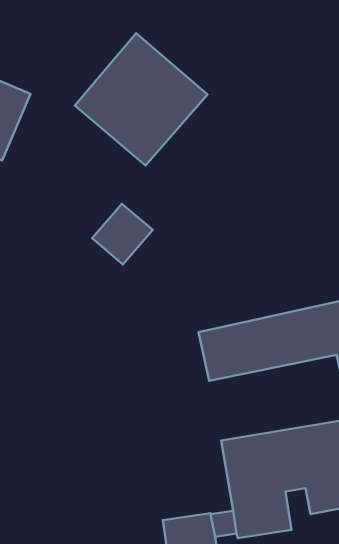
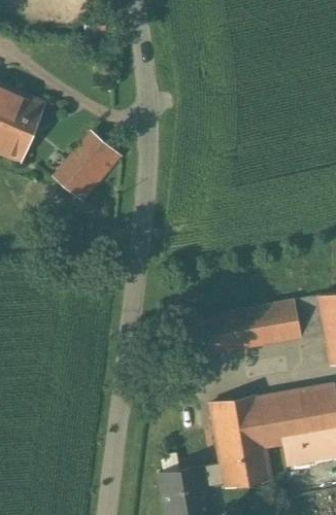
building: [75,33,207,166] -> none
building: [92,204,153,264] -> [62,145,114,198]

